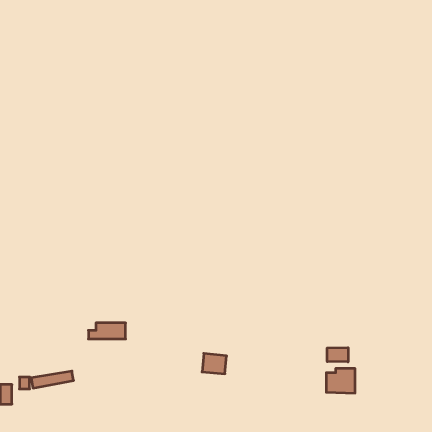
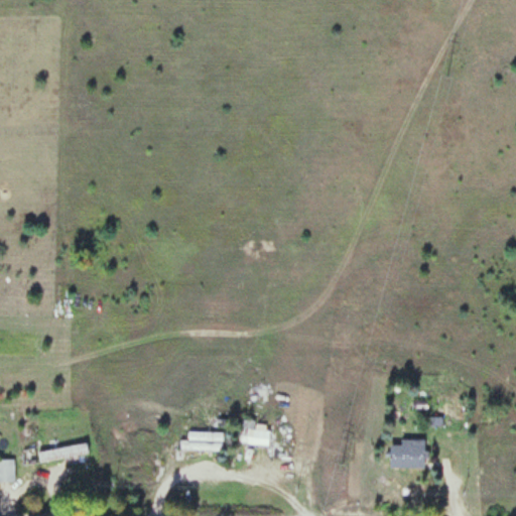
building: [88,323,126,339] -> [178,431,223,450]
building: [327,348,348,362] -> none

